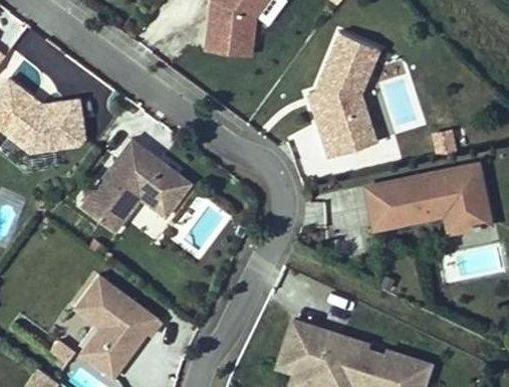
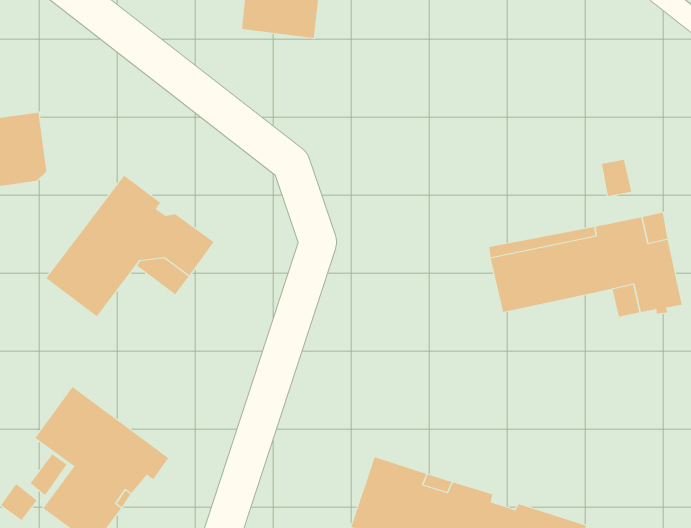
building: [309,32,378,155] -> none

